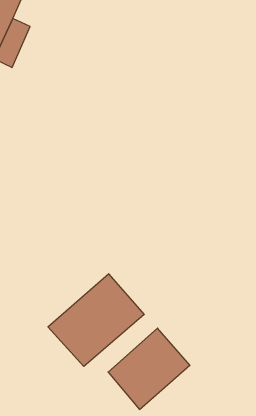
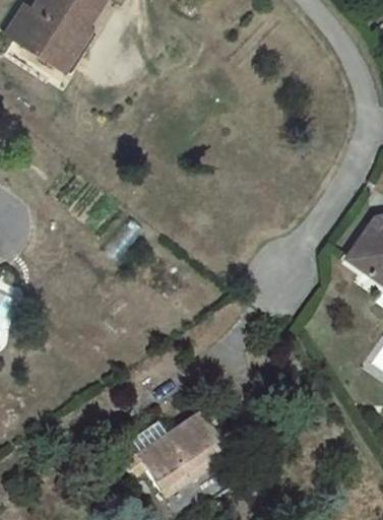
building: [48,274,144,366] -> none

